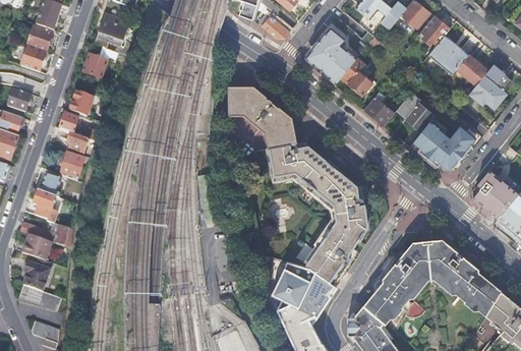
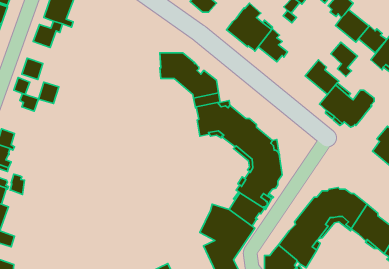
building: none -> [331,42,358,76]
building: [363,92,393,126] -> none
building: [60,153,83,177] -> [38,82,59,103]

